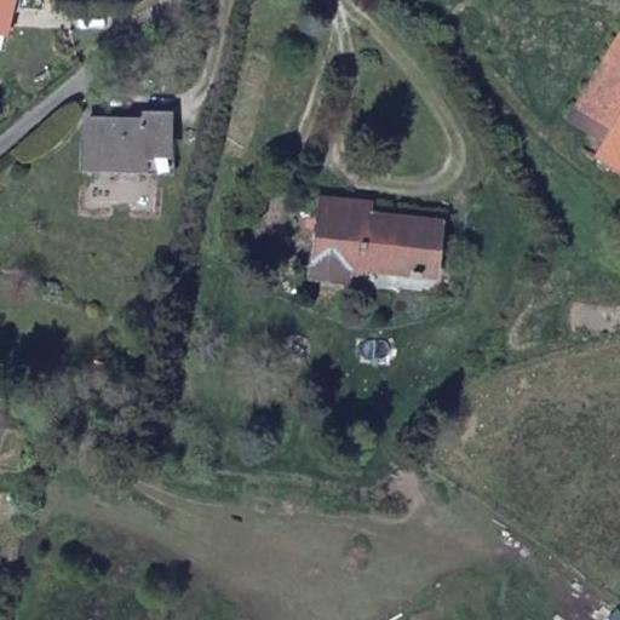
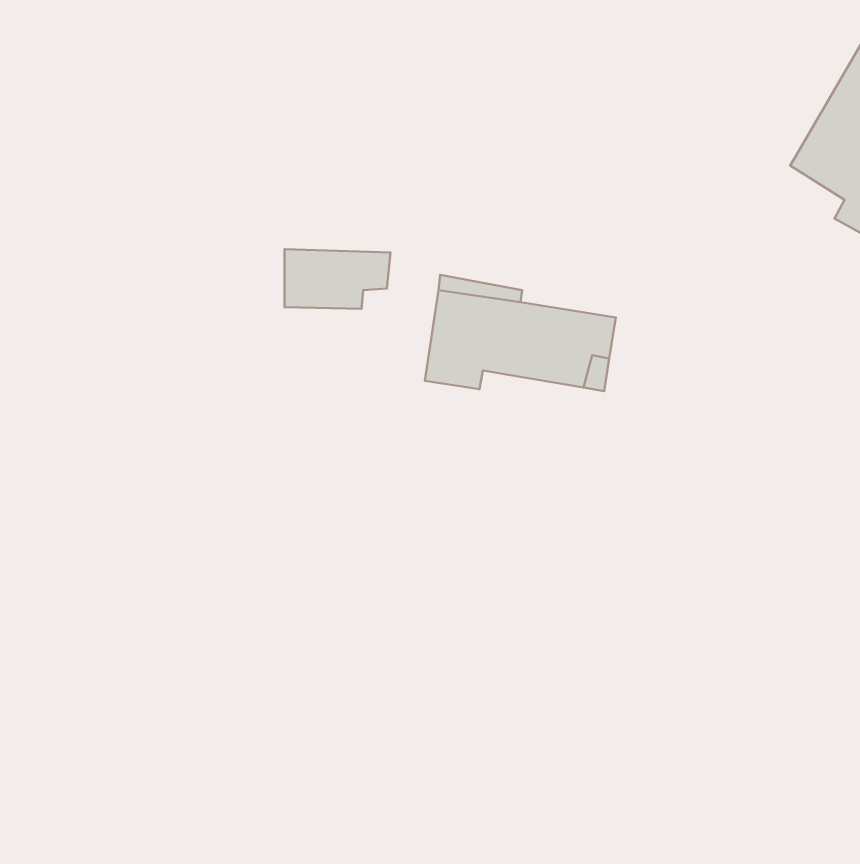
building: [96,121,171,163] -> [285,249,390,309]

